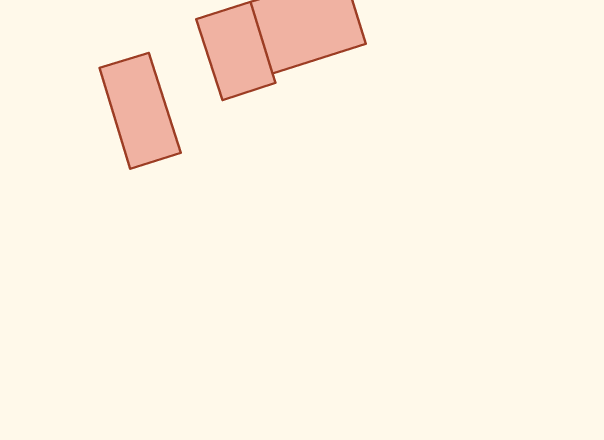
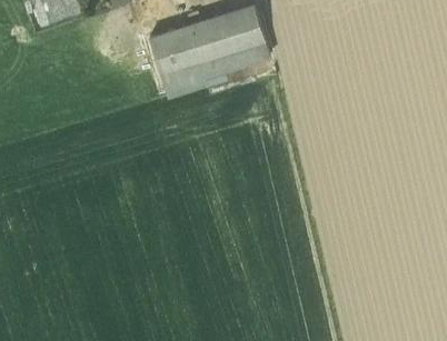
building: [99,53,181,169] -> none

